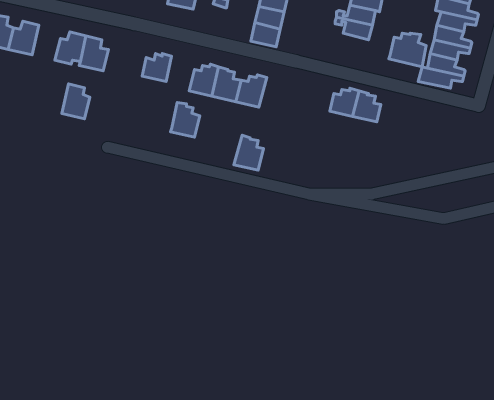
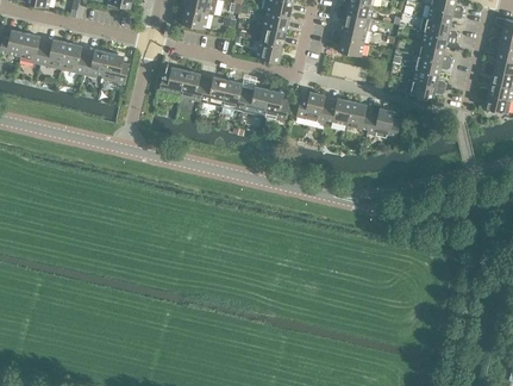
building: [389,33,426,67] -> [367,108,400,138]
building: none -> [296,91,330,122]
building: [62,84,90,119] -> [62,42,87,73]
building: [170,102,200,137] -> [180,69,206,100]
building: [234,135,263,170] -> [263,88,289,119]

